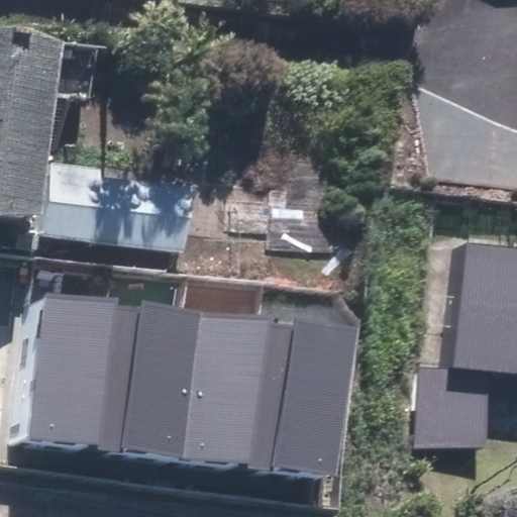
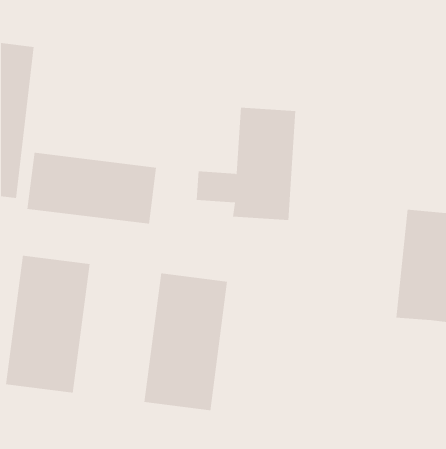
building: [92,301,191,458] -> none
building: [248,321,341,479] -> none
building: [423,364,499,444] -> none

